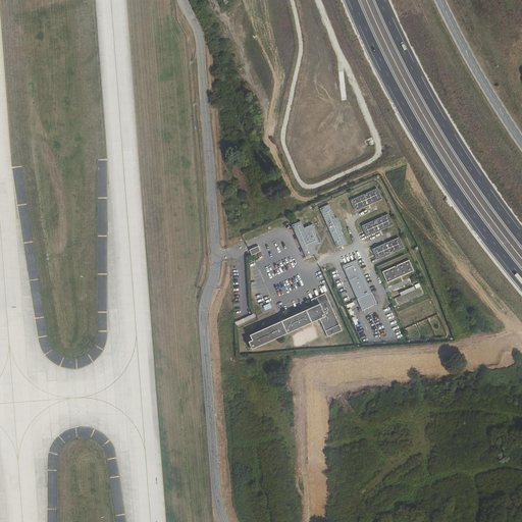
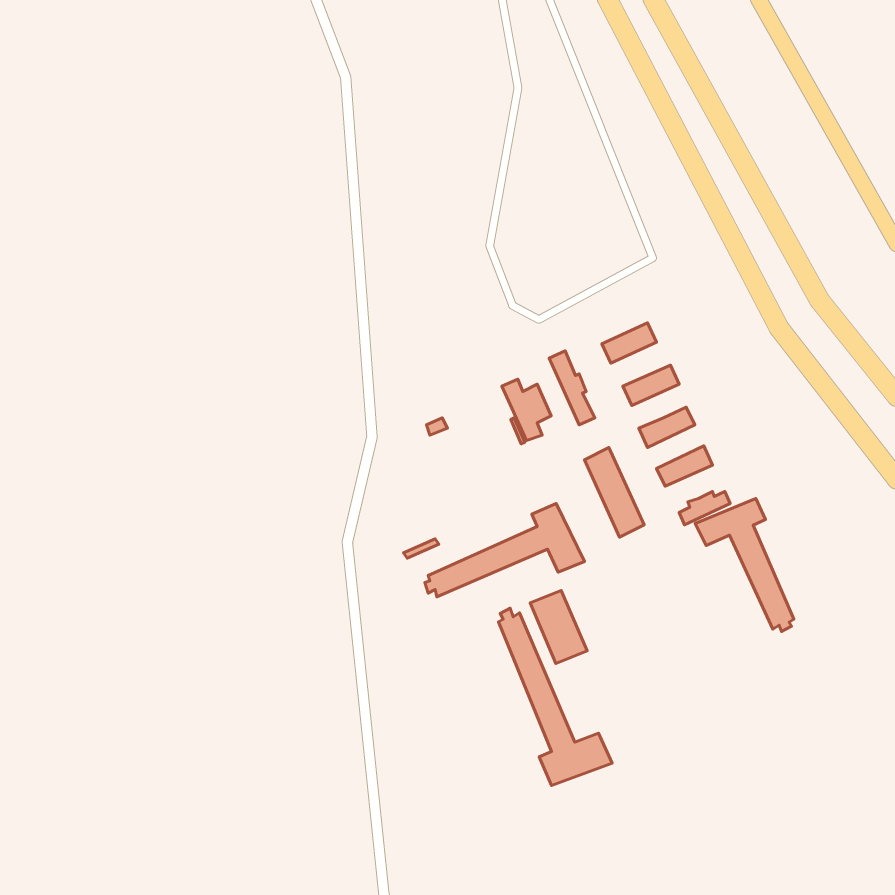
building: none -> [695,498,794,632]
building: none -> [530,590,587,663]
building: none -> [498,608,612,785]

